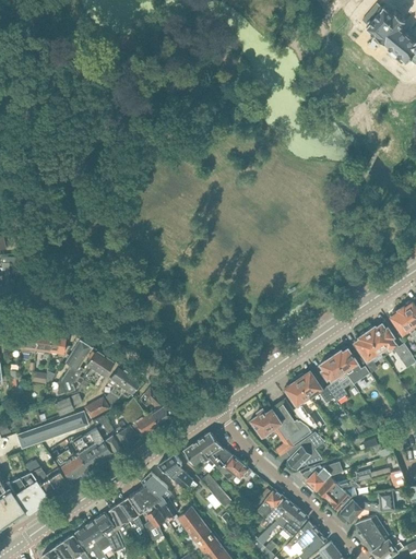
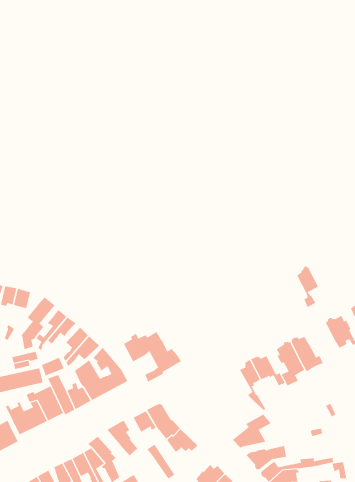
building: [354,332,378,373] -> [296,266,319,307]
building: [249,404,310,456] -> [123,331,182,382]

